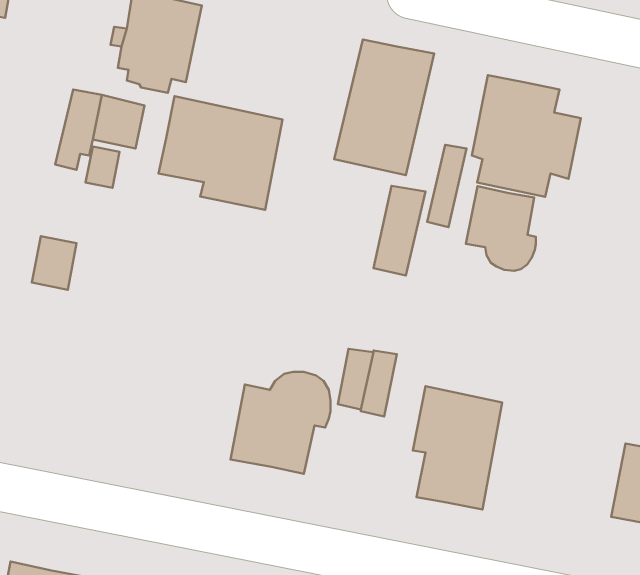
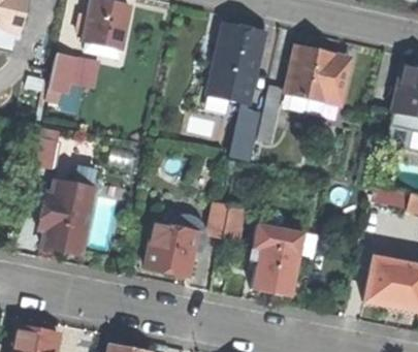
building: [159,96,282,210] -> none
building: [466,186,536,271] -> none
building: none -> [36,180,93,255]

